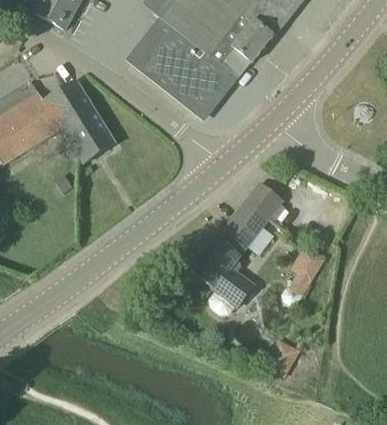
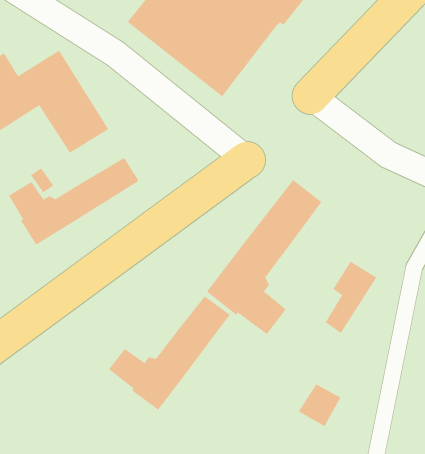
building: none -> [8,157,139,245]
building: none -> [108,295,231,411]

